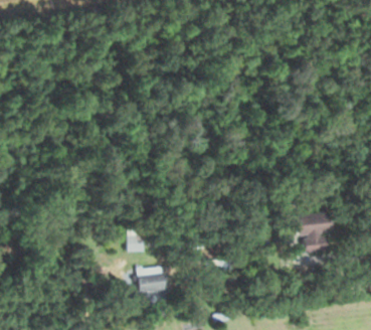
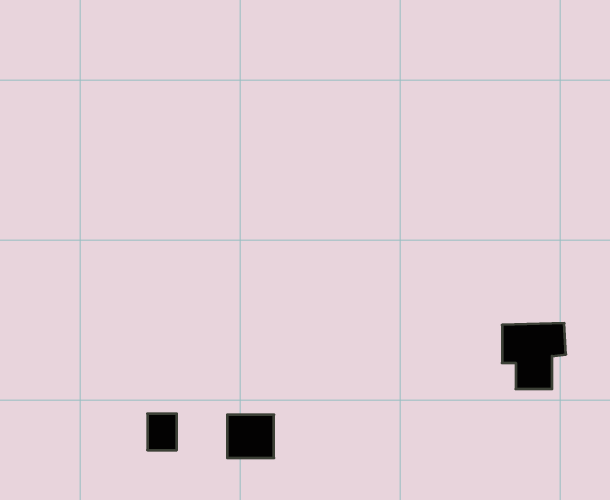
building: [128,229,145,251] -> [147,414,177,450]

